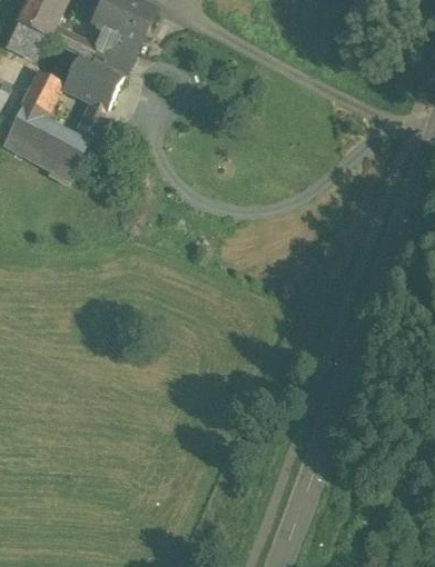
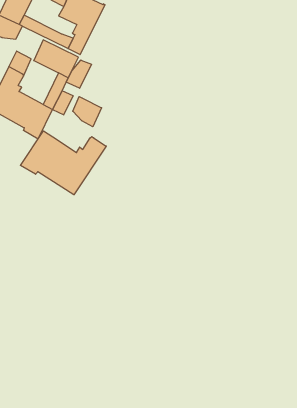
building: none -> [66,60,91,88]
building: none -> [73,97,102,127]
building: none -> [20,131,106,195]

